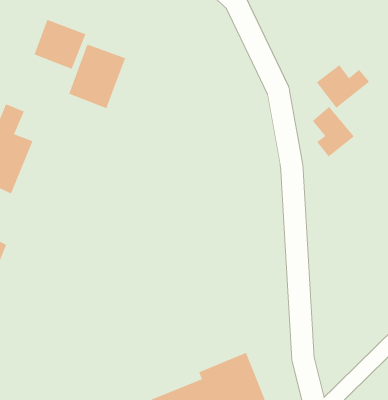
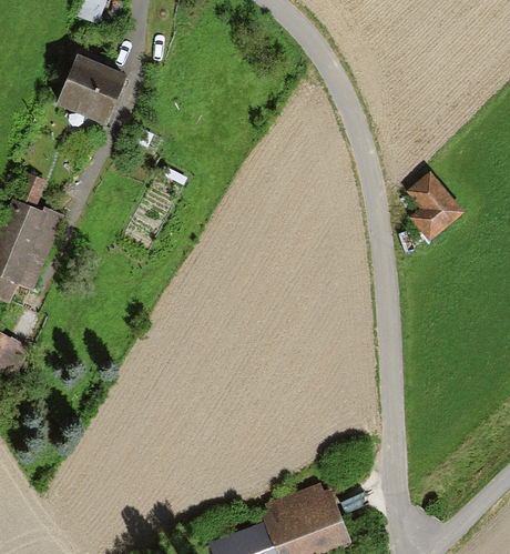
building: [68,44,126,109] -> none
building: [316,64,370,109] -> none

